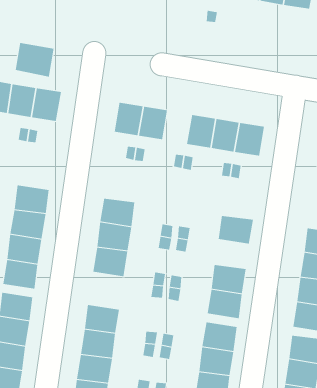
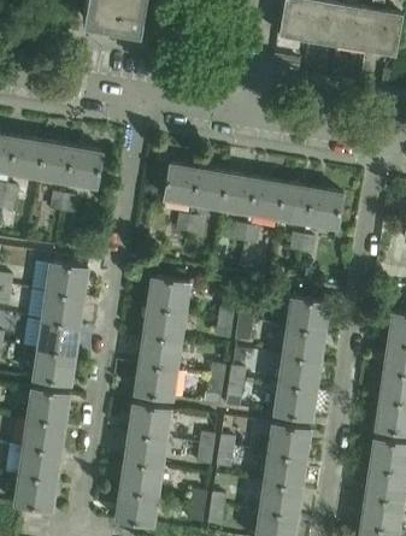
building: [15,42,54,78] -> none
building: none -> [222,175,255,214]
building: none -> [282,326,324,361]
building: none -> [134,365,176,400]

